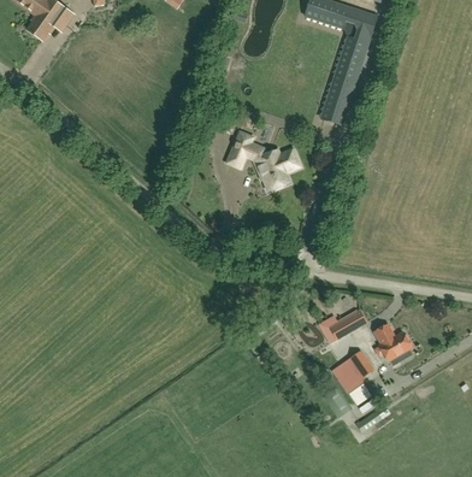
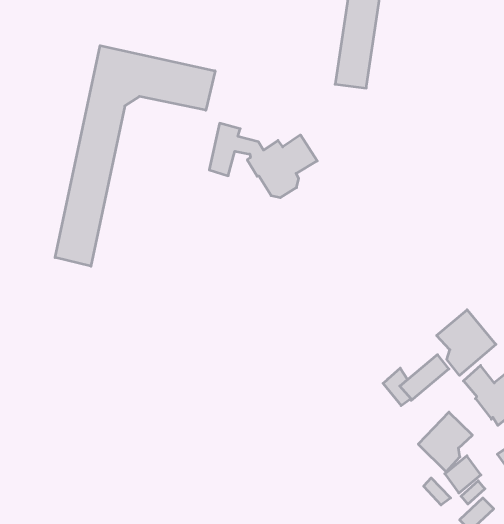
building: none -> [55,46,215,266]
building: none -> [437,310,496,375]

